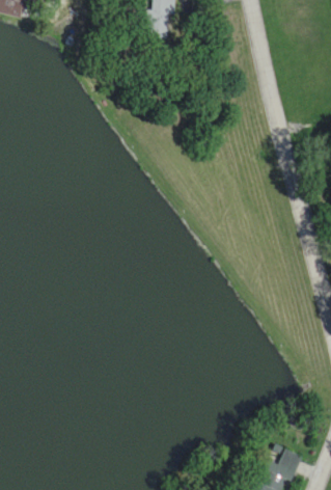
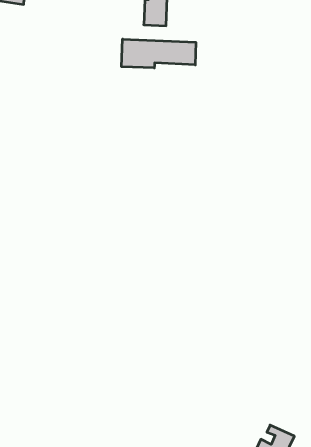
building: none -> [122,39,196,68]

